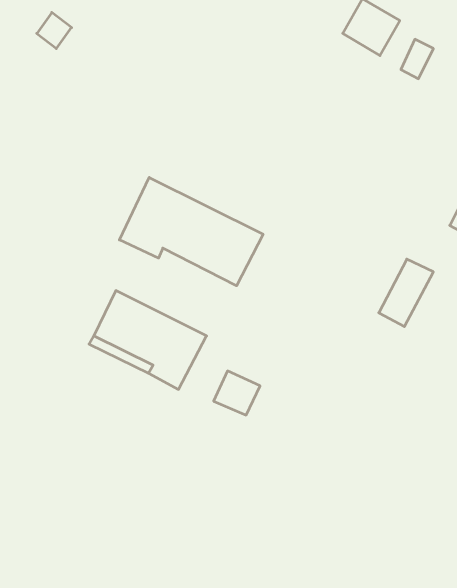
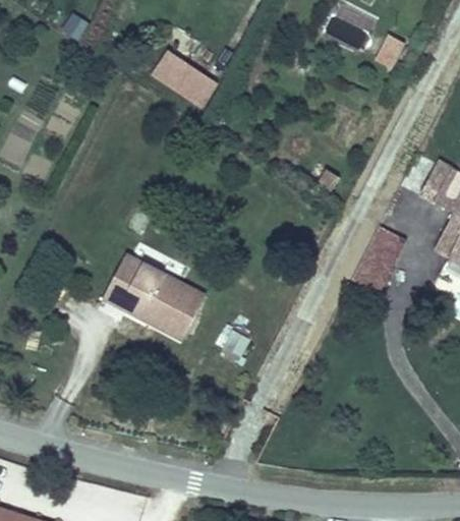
building: none -> [151,51,218,109]
building: [119,177,263,286] -> none

